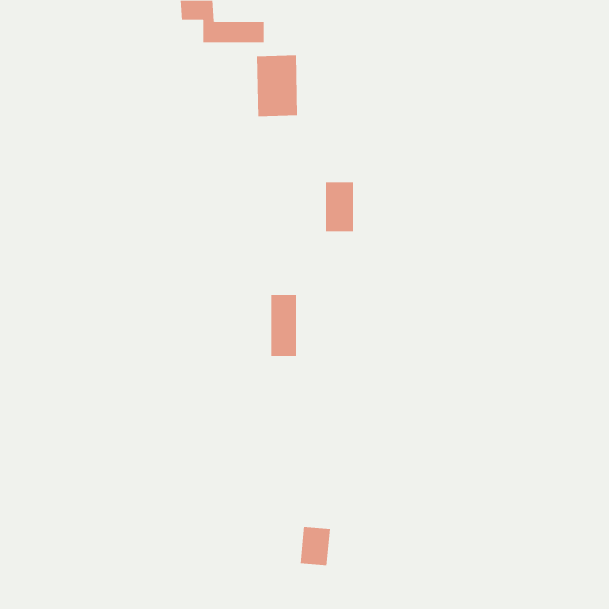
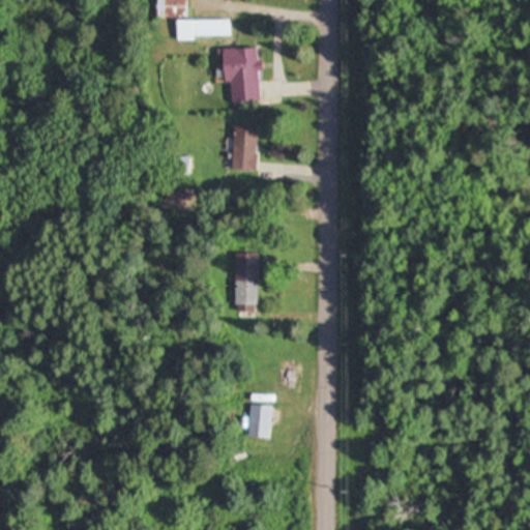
building: [325,182,354,232] -> [232,126,257,170]
building: [300,526,331,566] -> [246,404,273,438]

